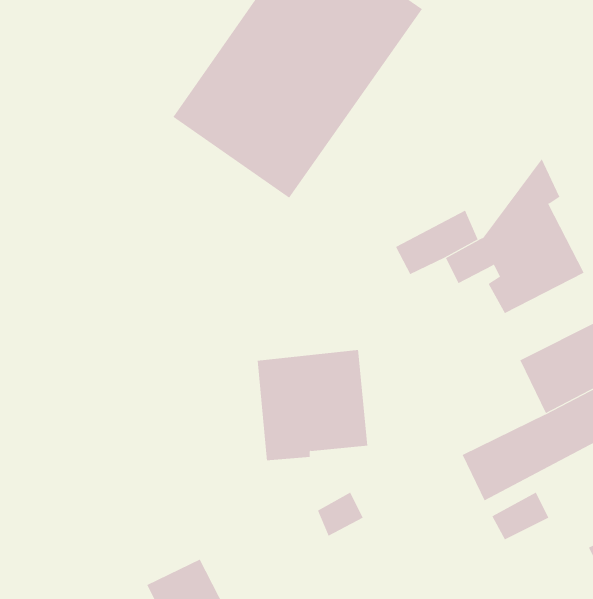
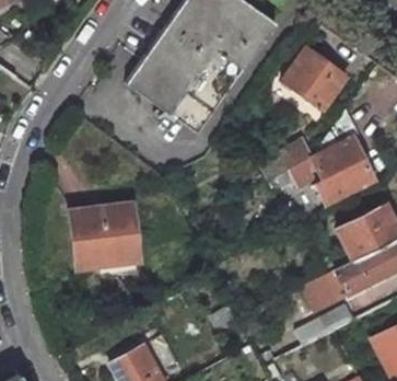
building: none -> [283,48,348,112]
building: [257,349,368,461] -> [70,201,136,267]

